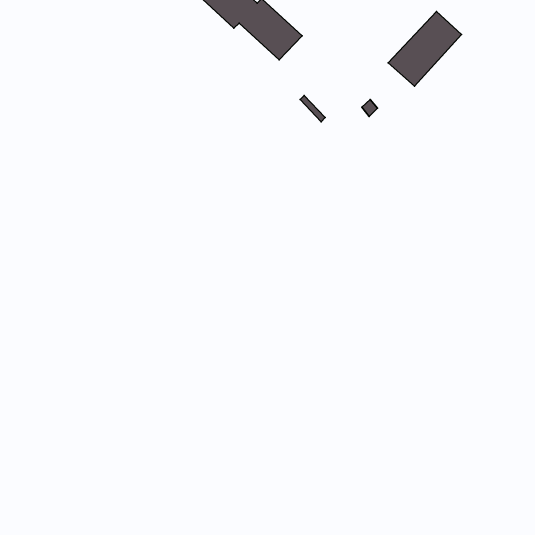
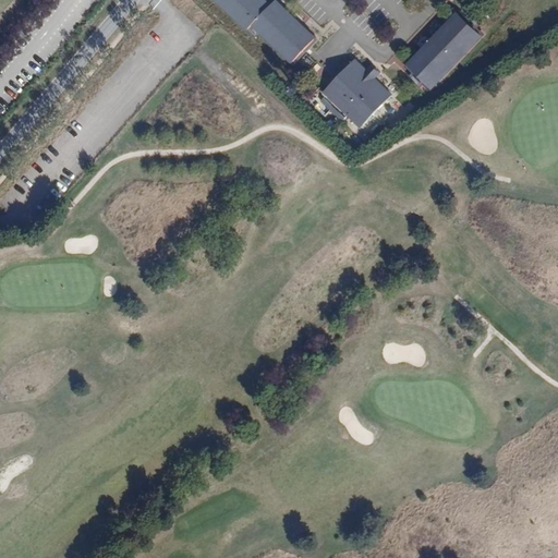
building: none -> [320,58,391,129]

